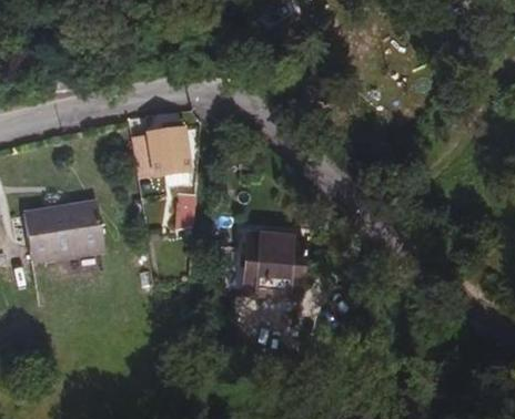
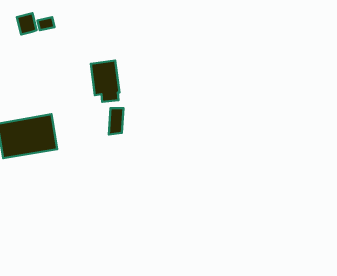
building: [239,231,297,297] -> none

